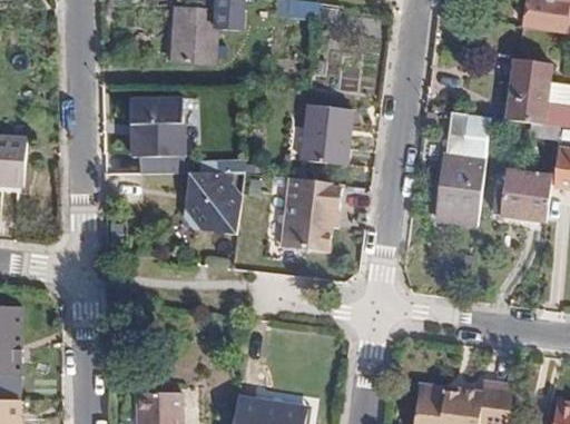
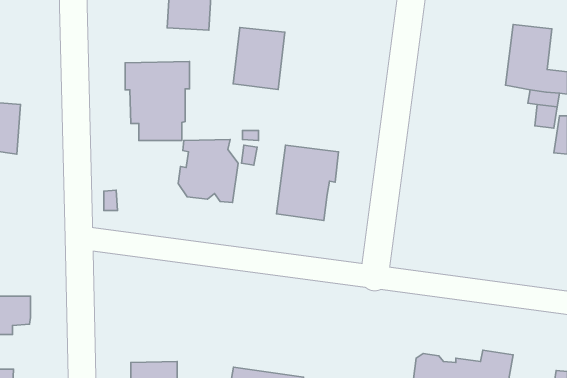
building: [301,103,352,165] -> [233,28,285,90]
building: [438,112,490,224] -> none
building: [493,169,552,220] -> none

